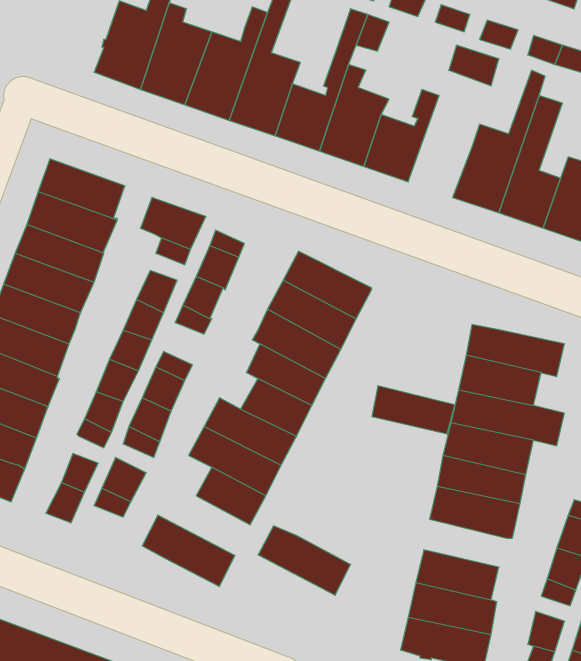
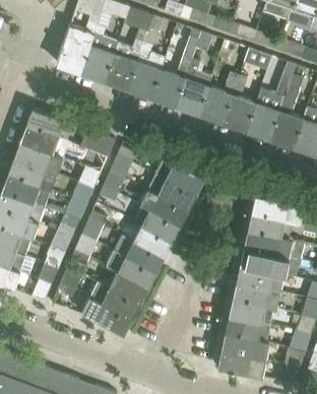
building: none -> [221,76,255,130]
building: [372,386,455,434] -> [230,300,273,325]
building: [258,526,351,595] -> [89,282,138,319]

